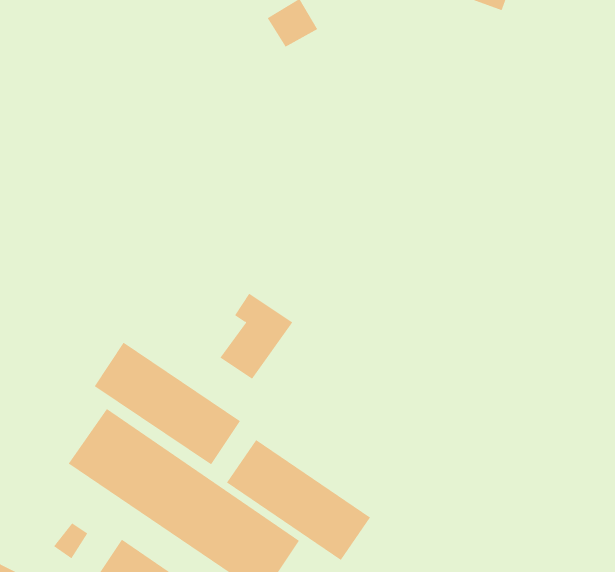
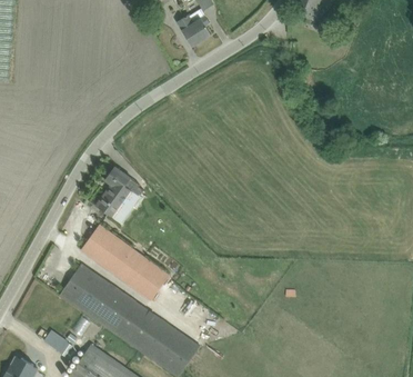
building: [219,293,293,379] -> [92,166,137,218]
building: [226,439,371,561] -> none

